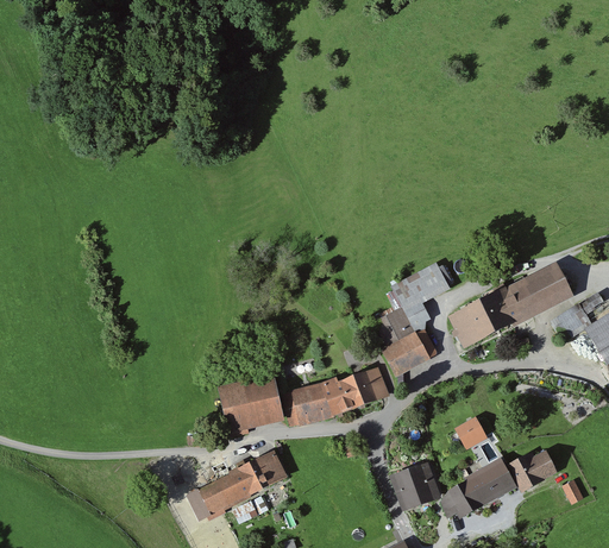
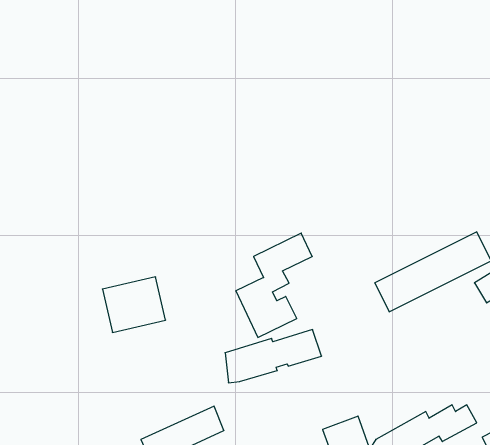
building: [372,262,454,373] -> [236,233,312,337]
building: [218,372,285,432] -> [102,277,166,332]
building: [454,415,488,448] -> none

